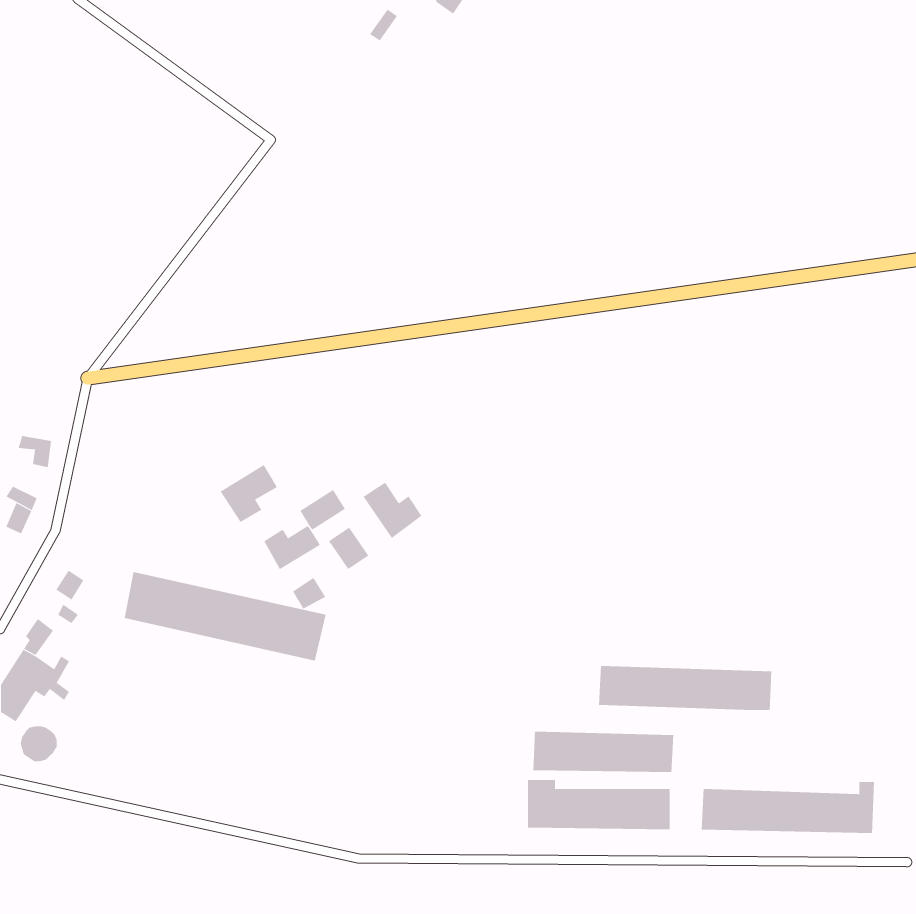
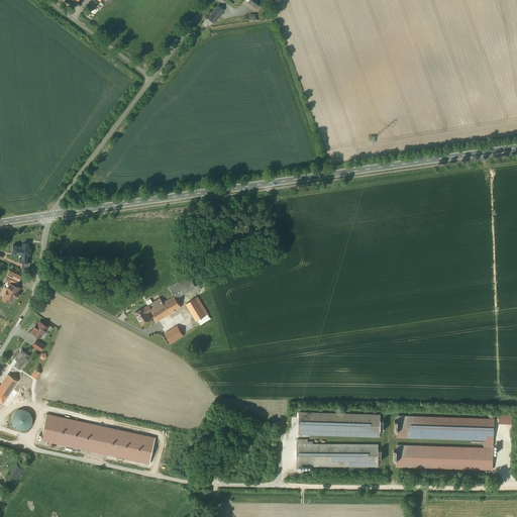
building: [220,464,277,523] -> none
building: [363,482,422,539] -> none
building: [124,572,326,661] -> [41,413,156,463]
building: [598,666,772,710] -> [396,415,494,440]

